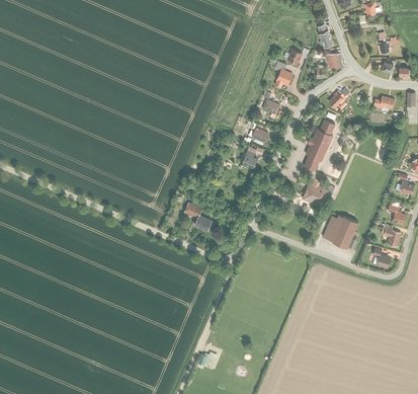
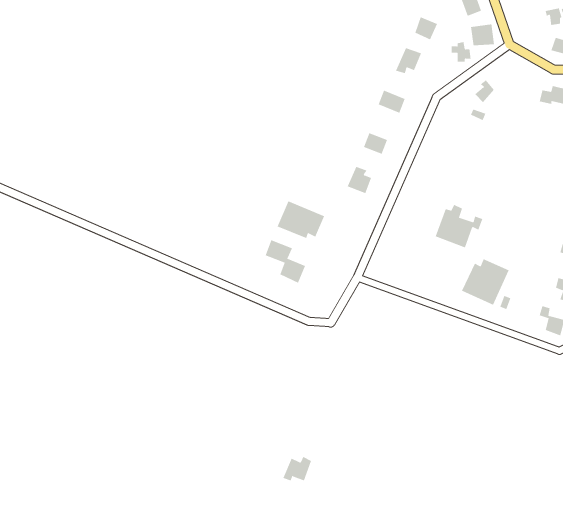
building: [303,121,332,169] -> none
building: none -> [277,200,325,239]

